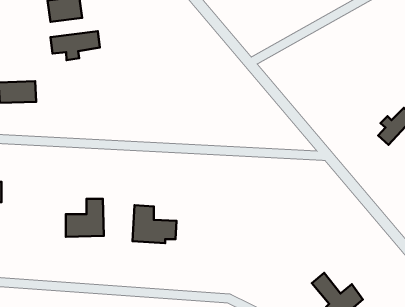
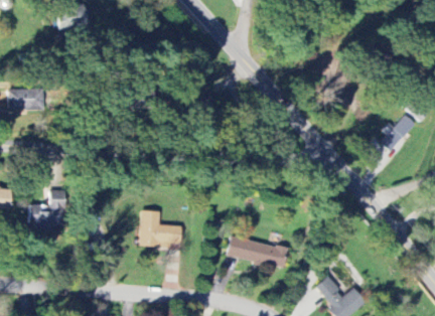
building: [51,31,100,60] -> none
building: [66,199,104,237] -> [28,190,65,227]
building: none -> [227,236,289,268]

